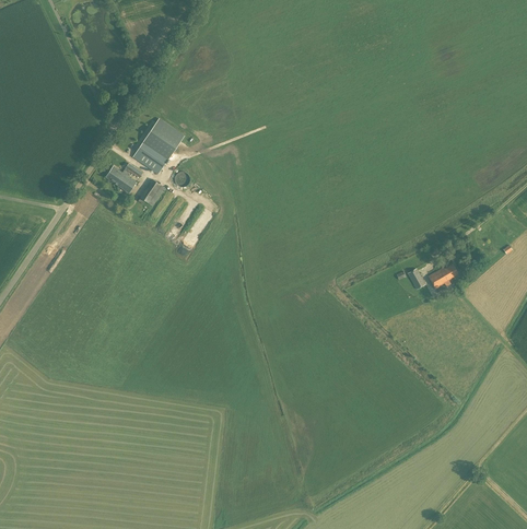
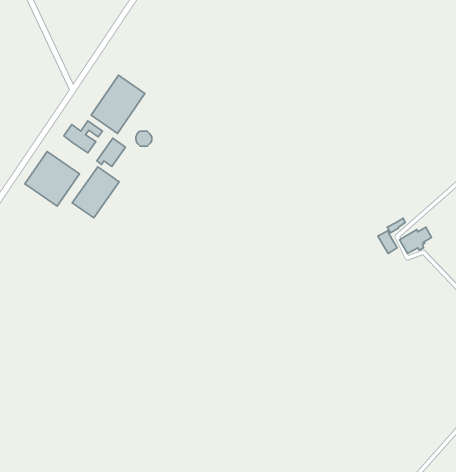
building: none -> [25,151,80,206]
building: none -> [72,167,119,218]

